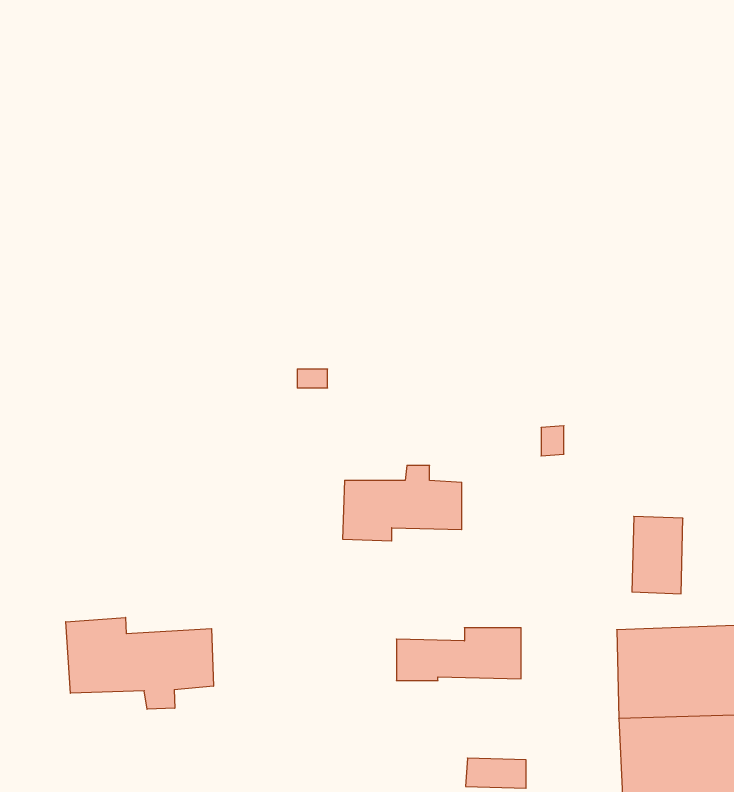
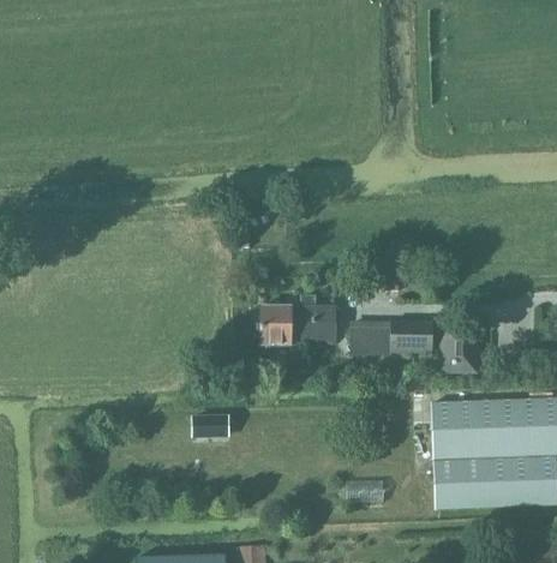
building: [66,617,213,709] -> none
building: [396,628,521,681] -> [351,321,430,354]
building: none -> [192,415,230,438]

